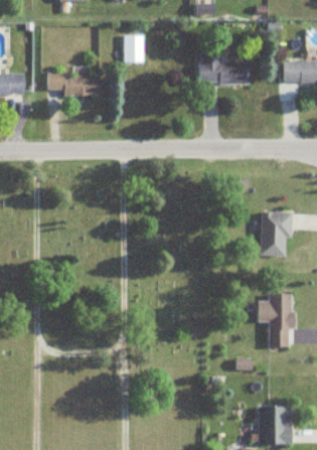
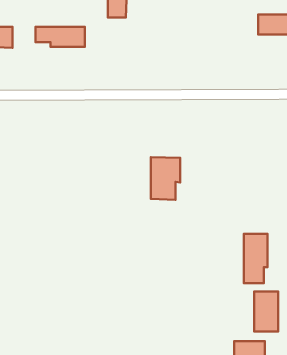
building: [200,49,249,84] -> none
building: [260,210,291,256] -> [151,157,180,200]
building: none -> [254,291,278,331]

